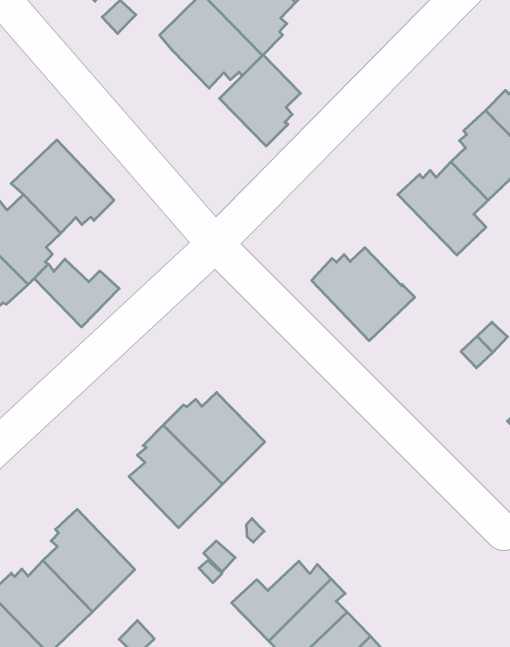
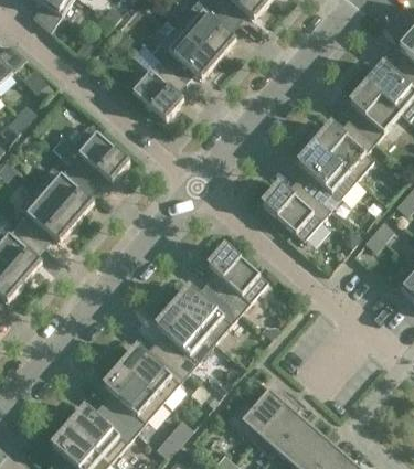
building: [219,55,301,146] -> [132,60,185,119]
building: none -> [296,142,357,202]
building: [34,259,119,327] -> none
building: none -> [206,245,268,311]
building: none -> [121,341,189,402]

